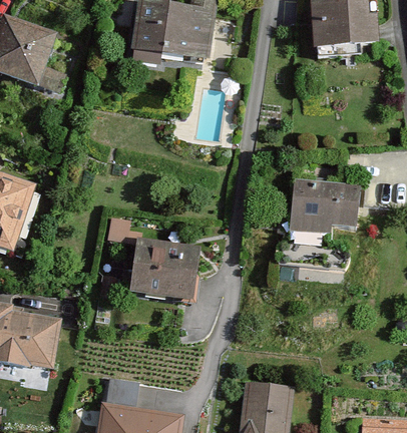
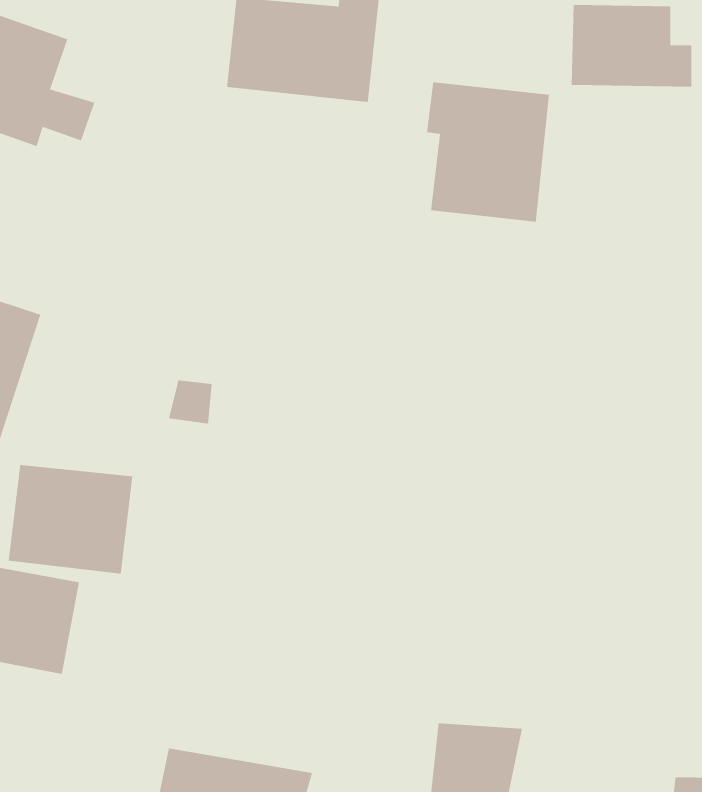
building: none -> [426,81,550,223]
building: [290,186,356,240] -> none
building: [132,249,197,306] -> [8,464,133,574]

